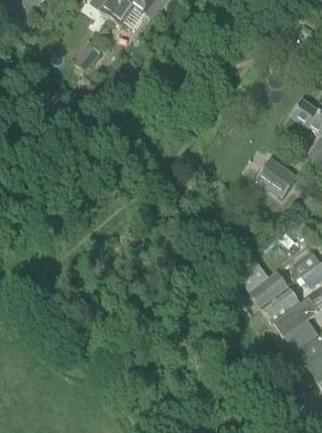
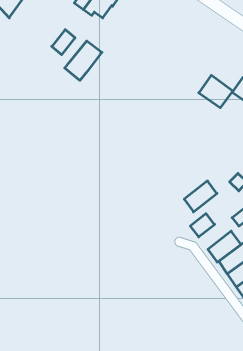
building: none -> [65,41,102,80]
building: [255,157,297,197] -> [199,75,233,108]
building: [249,269,289,307] -> [184,181,217,212]

